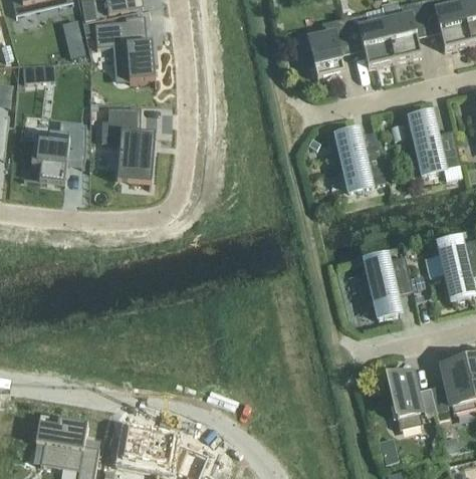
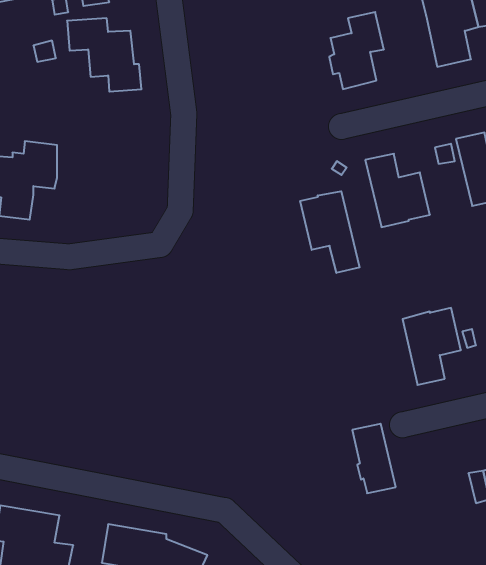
building: [342,11,393,66] -> none
building: [100,106,154,183] -> none
building: none -> [300,191,360,273]
building: [387,372,422,428] -> [352,424,396,493]

